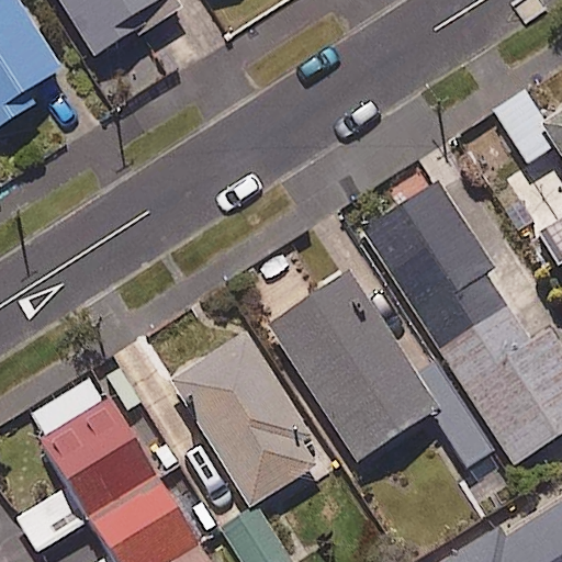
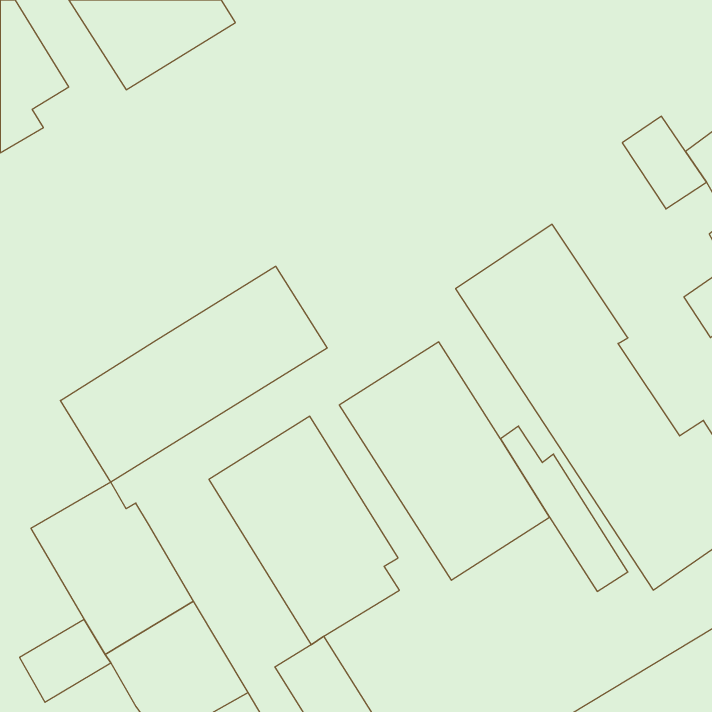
building: none -> [60,266,327,482]

